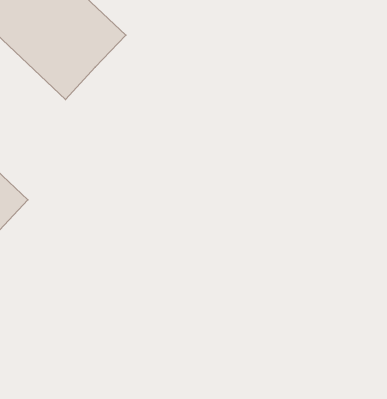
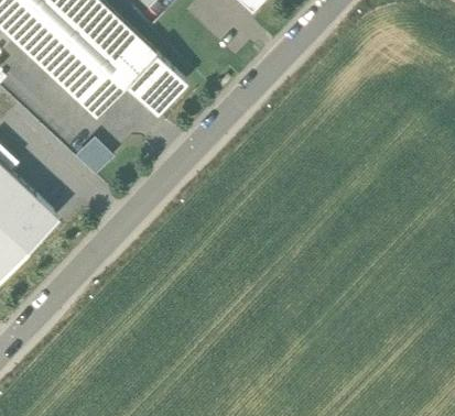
building: none -> [124,53,185,113]
building: none -> [73,135,115,176]

